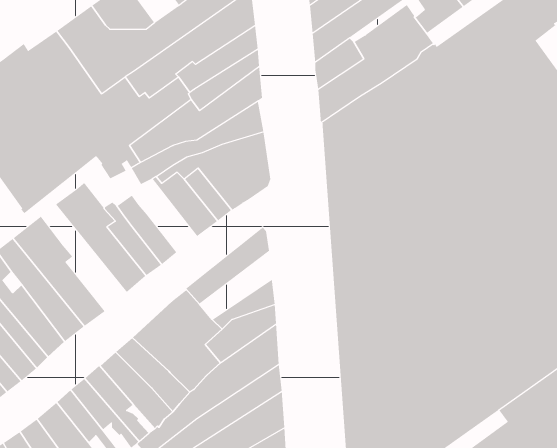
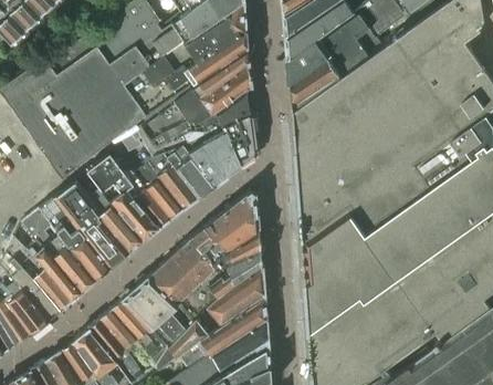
building: none -> [145,153,198,210]
building: none -> [75,173,143,257]
building: none -> [200,209,258,263]

